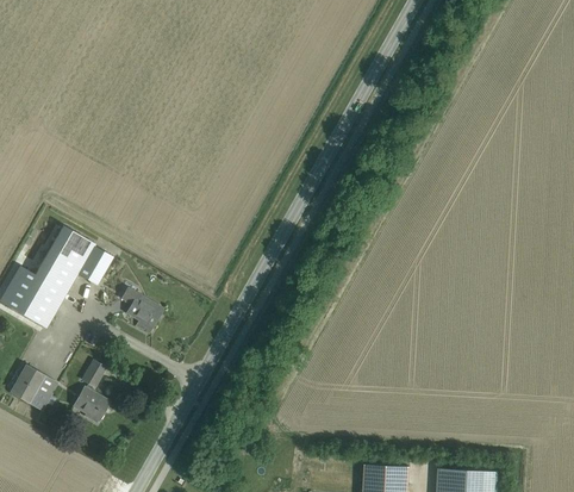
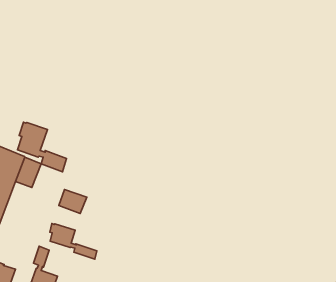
building: none -> [18,122,67,172]
building: none -> [50,224,97,259]

